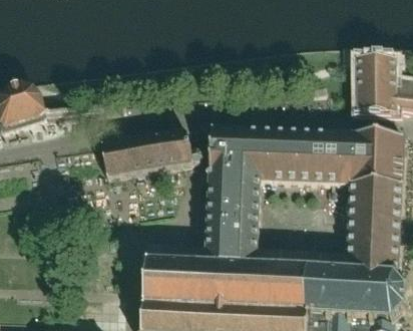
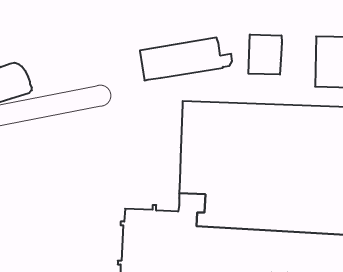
building: none -> [248,34,282,75]
building: [101,129,202,177] -> [140,38,232,80]

